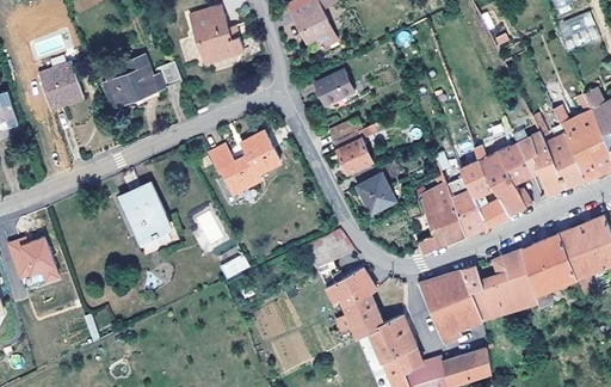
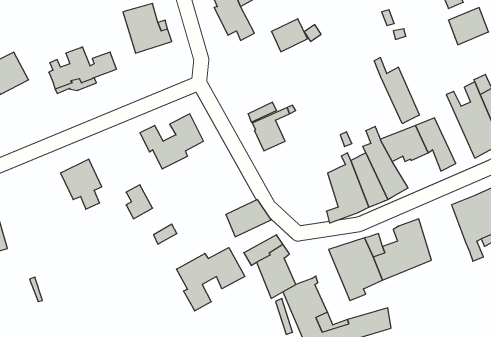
building: [314,68,354,105] -> [271,19,307,52]
building: [532,113,584,188] -> [374,58,420,123]
building: [357,173,395,209] -> none
building: [492,178,531,214] -> none
building: [132,213,172,248] -> none
building: [521,233,574,303] -> none
building: none -> [176,248,245,311]

